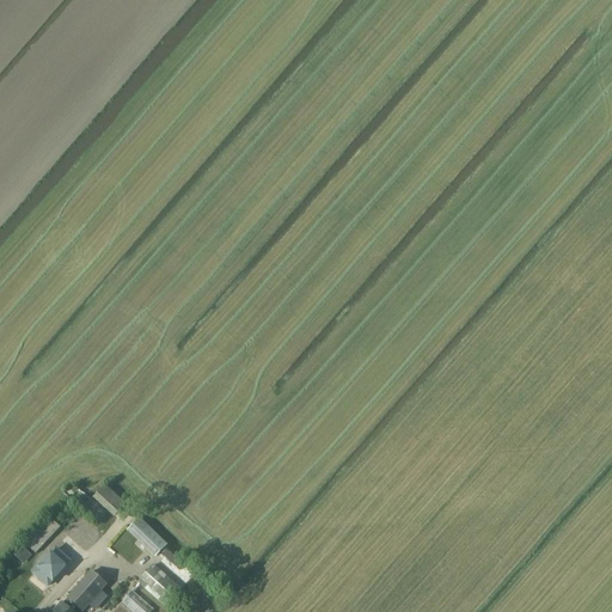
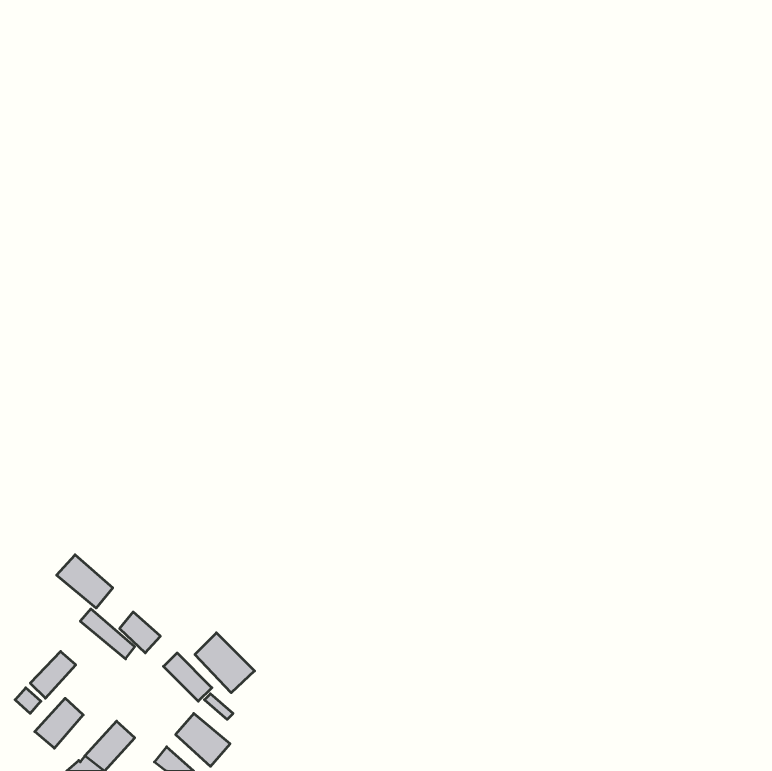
building: none -> [57,555,113,608]
building: none -> [195,633,255,693]

